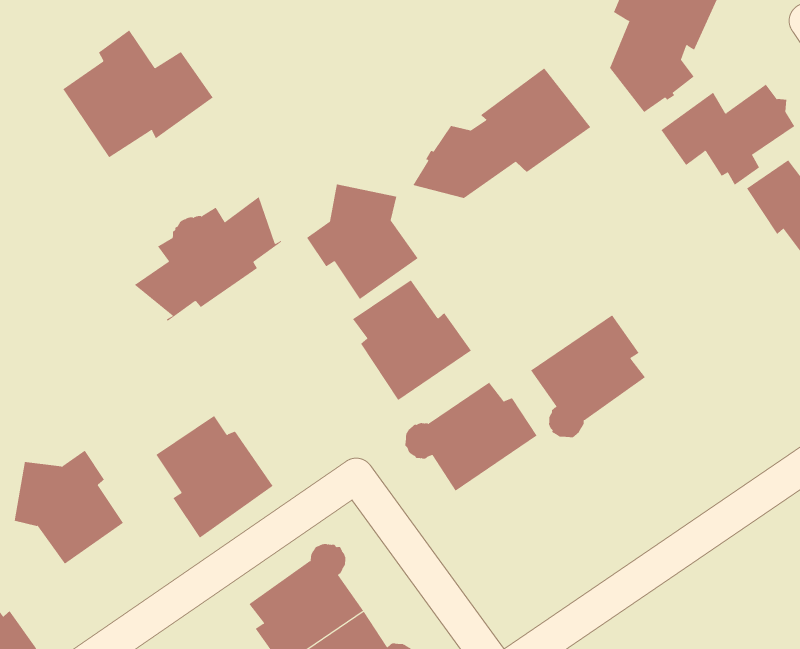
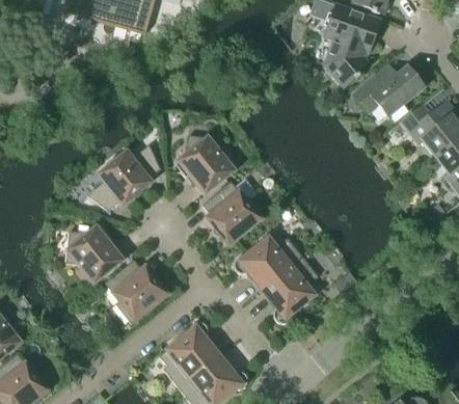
building: [63,30,213,158] -> none
building: [412,68,591,199] -> none
building: [530,315,646,438] -> [262,257,322,322]
building: [14,450,124,565] -> [65,222,123,282]

